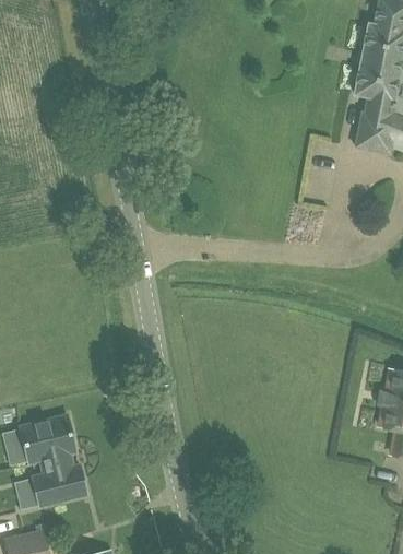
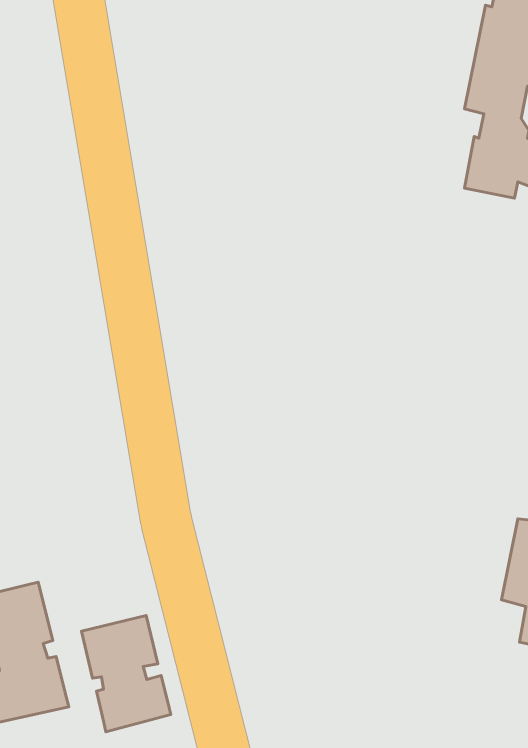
building: none -> [81,615,171,732]

